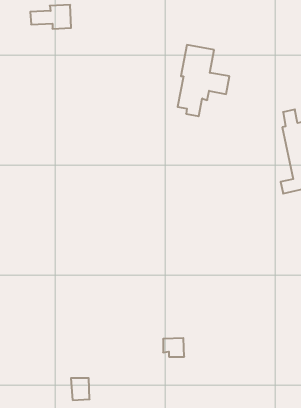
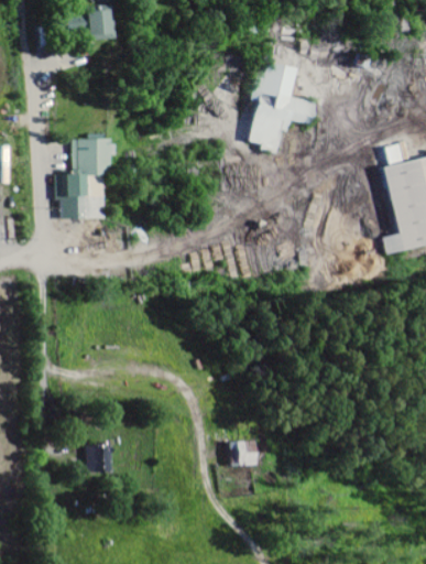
building: none -> [56,139,111,219]
building: [71,378,90,400] -> [89,445,113,474]

